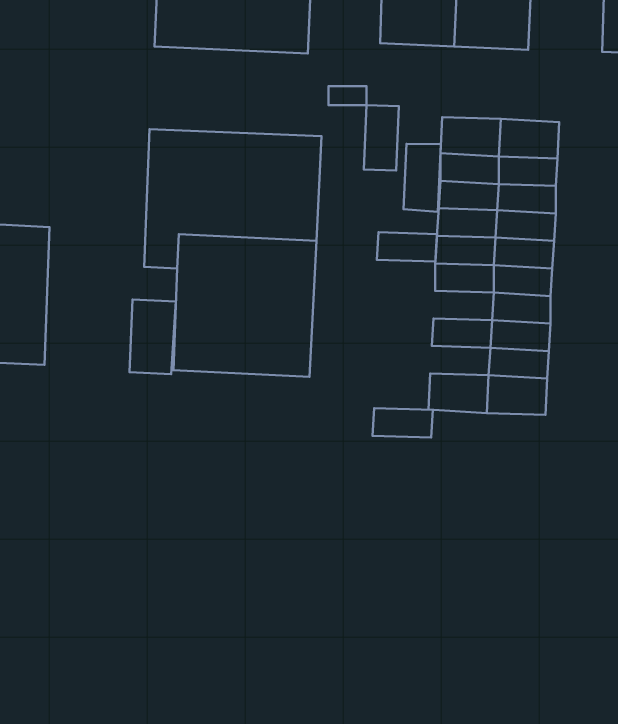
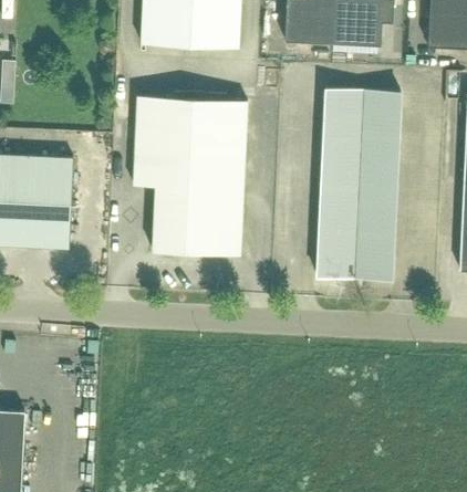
building: [364,105,399,171] -> none
building: [403,144,441,212] -> none
building: [377,232,437,262] -> [320,200,359,219]
building: [130,299,176,374] -> none
building: [372,408,433,437] -> [318,235,356,254]

